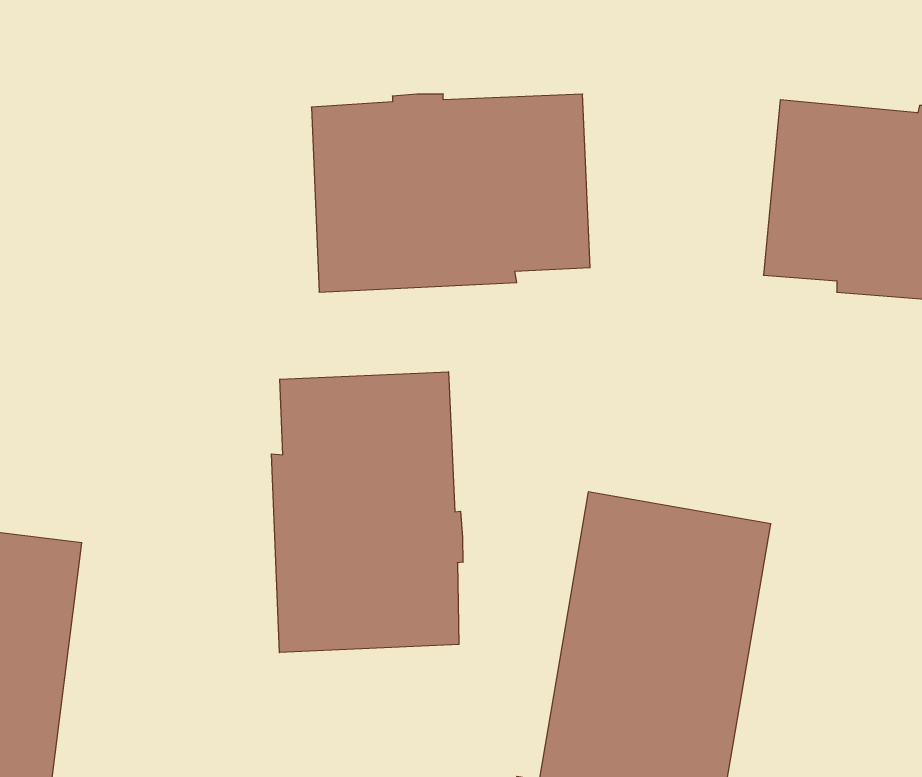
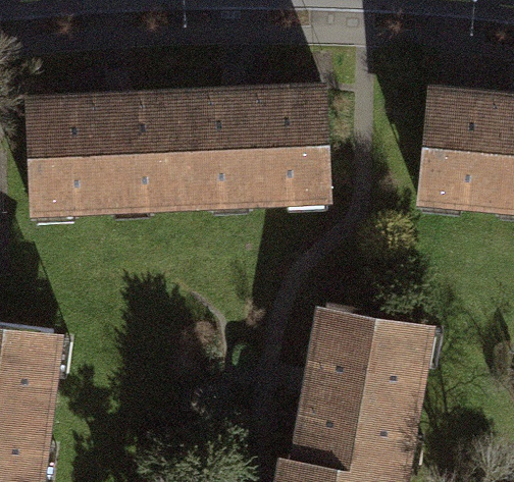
building: none -> [30,99,183,206]
building: [272,372,463,653] -> none

